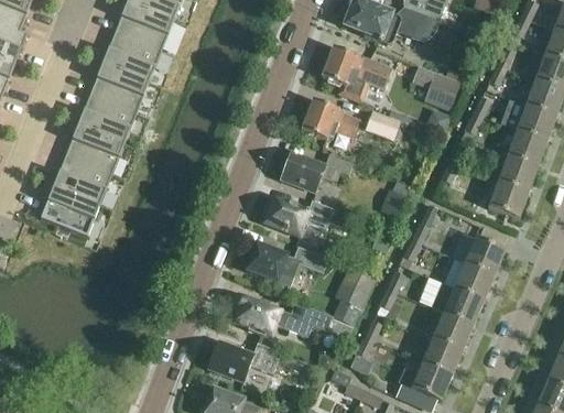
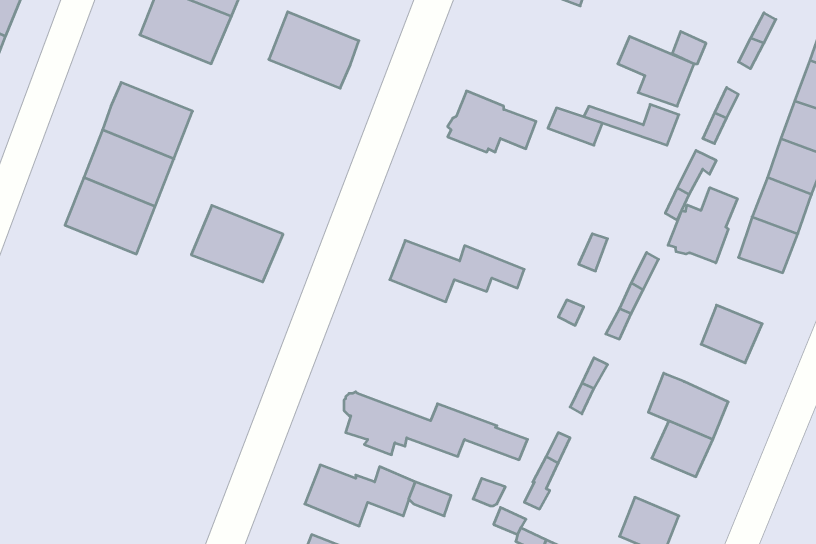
building: [322,46,391,100] -> none
building: [89,63,148,112] -> [269,12,359,88]
building: [280,152,352,192] -> none
building: none -> [668,188,737,263]
building: [40,186,99,236] -> [191,205,283,282]
building: [246,242,319,286] -> none
building: [454,263,494,301] -> none
building: [341,264,373,308] -> none
building: [422,337,462,374] -> none

